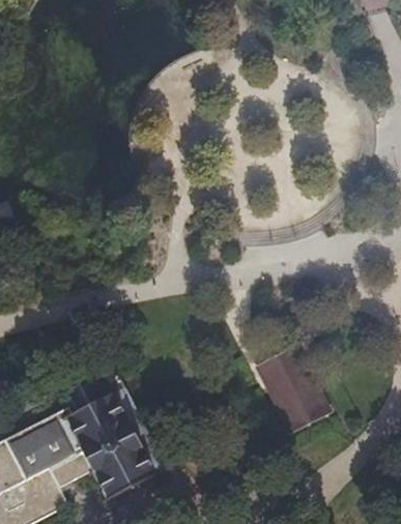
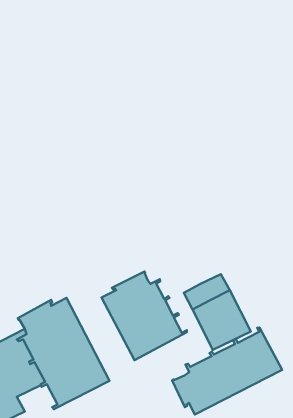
building: none -> [102,271,187,360]
building: none -> [172,327,282,414]

